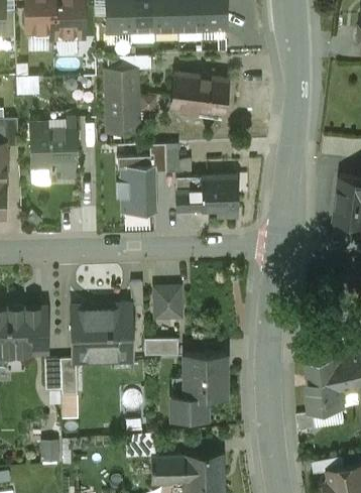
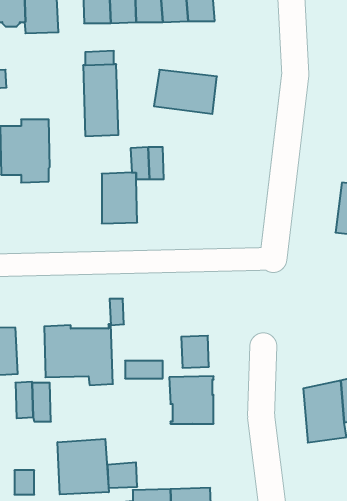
building: [176,176,237,212] -> none
building: [155,288,180,318] -> [181,336,209,368]
building: [172,394,206,417] -> none
building: none -> [58,439,109,494]

